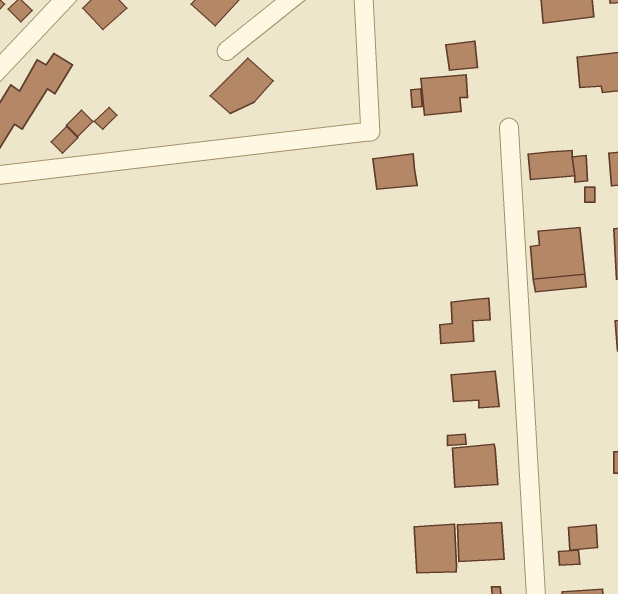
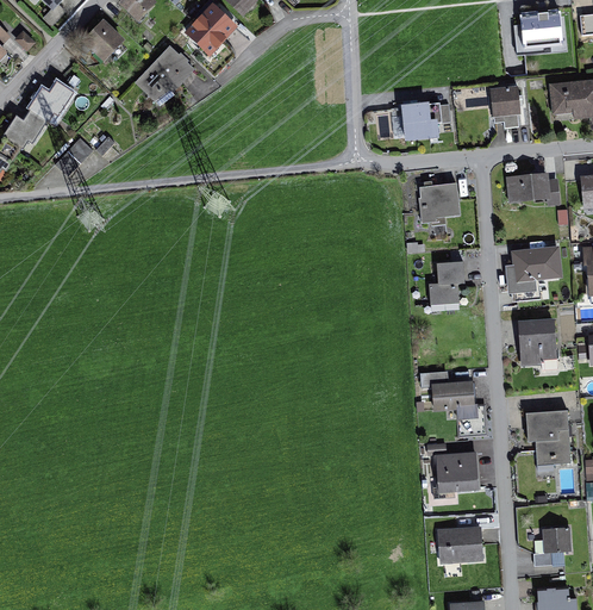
building: [446,41,477,70] -> [489,86,519,113]
building: [210,58,273,114] -> [136,45,195,98]
building: [373,154,417,189] -> [419,183,461,217]
building: [440,298,490,344] -> [427,261,475,304]
building: none -> [518,319,557,363]
building: none -> [526,411,569,462]
building: [414,524,457,573] -> none

